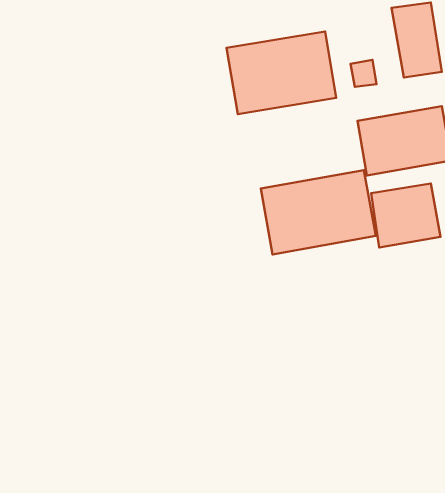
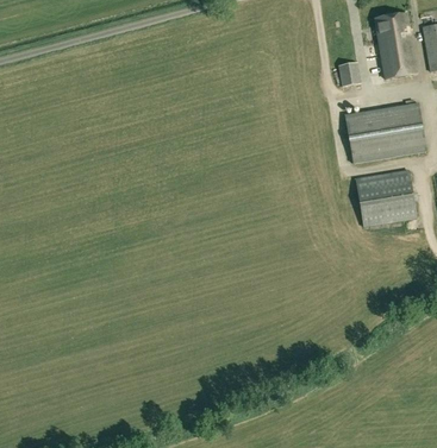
building: [227,31,336,114] -> none
building: [261,170,376,254] -> none

